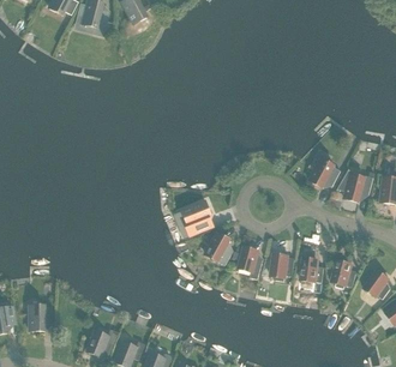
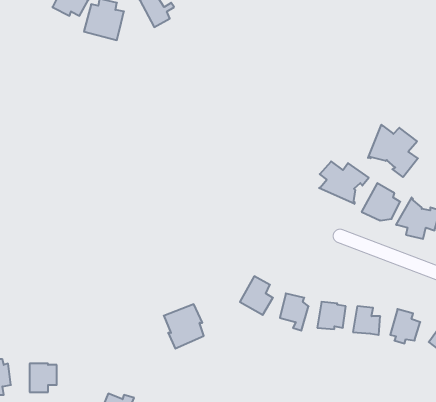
building: none -> [368,125,418,177]
building: none -> [319,161,369,204]
building: [180,198,214,235] -> [164,304,204,349]

